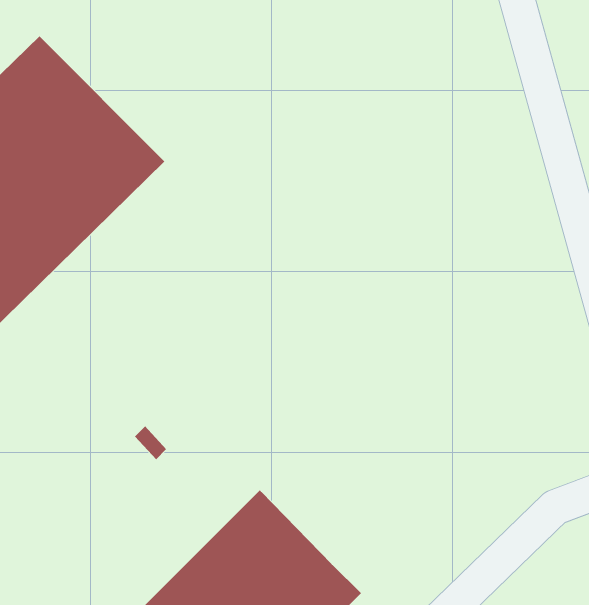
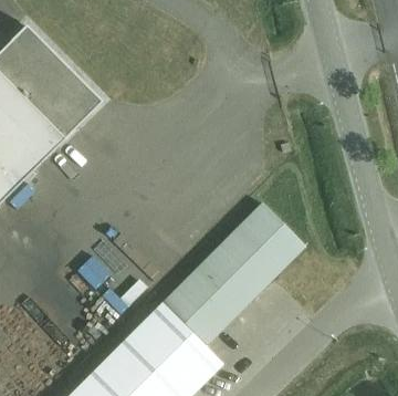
building: none -> [163,202,305,346]

